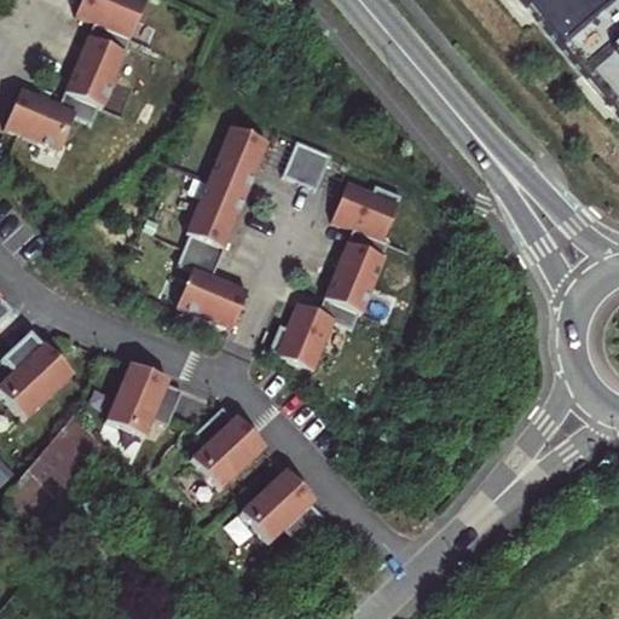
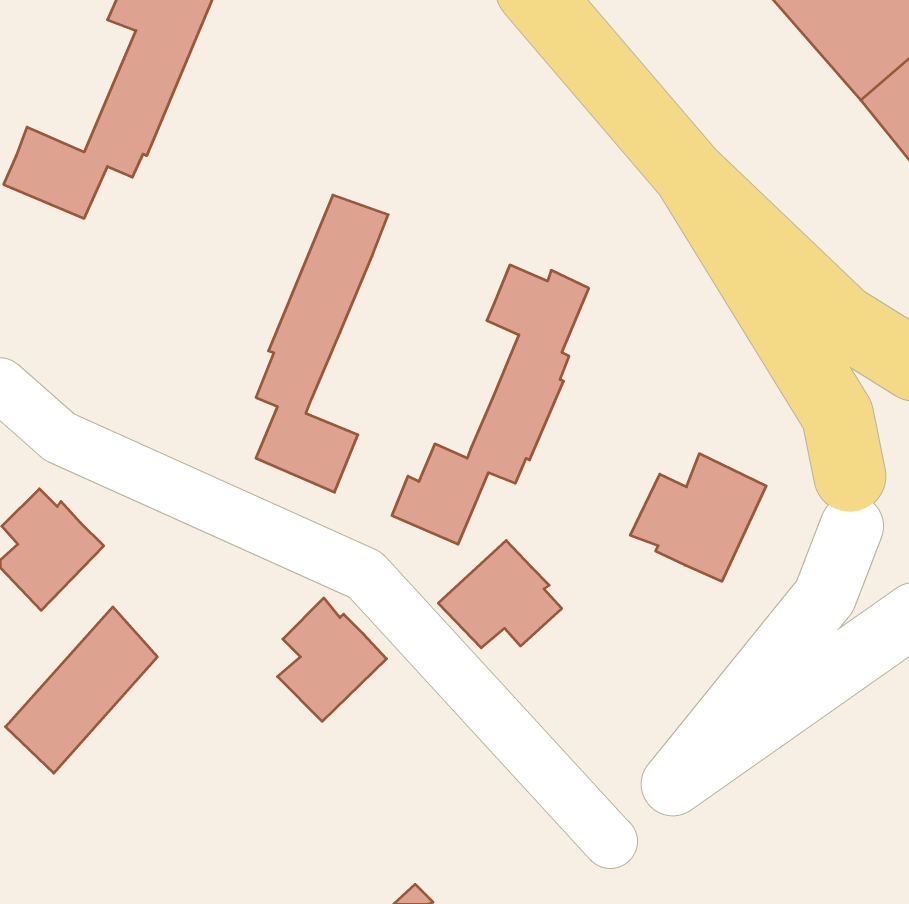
building: [284,139,331,185] -> none
building: none -> [630,454,766,581]
building: [105,360,183,434] -> none
building: [239,468,323,540] -> [438,540,562,648]

